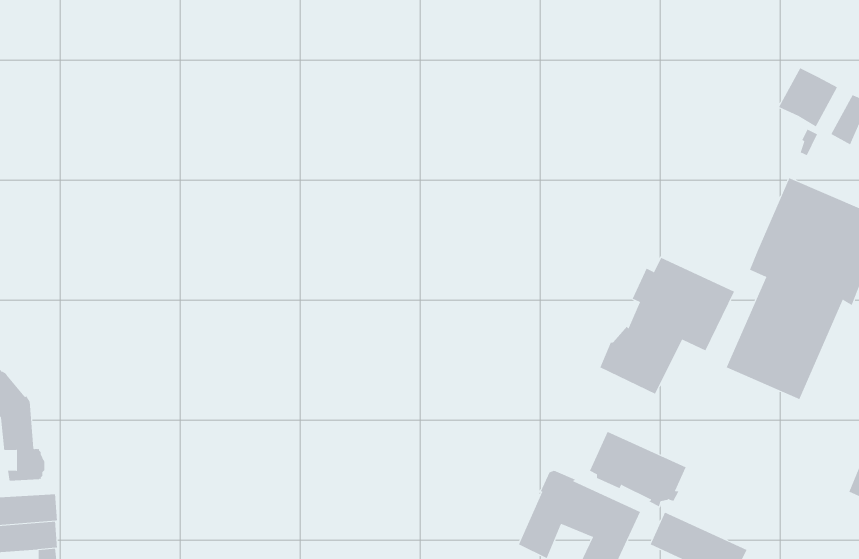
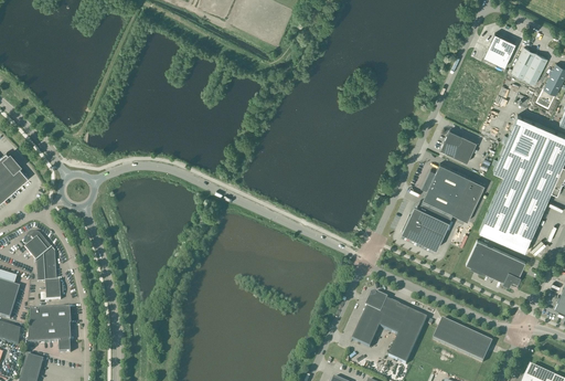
building: none -> [483,33,515,67]
building: none -> [439,129,477,162]
building: [589,431,687,507] -> [466,240,525,286]

